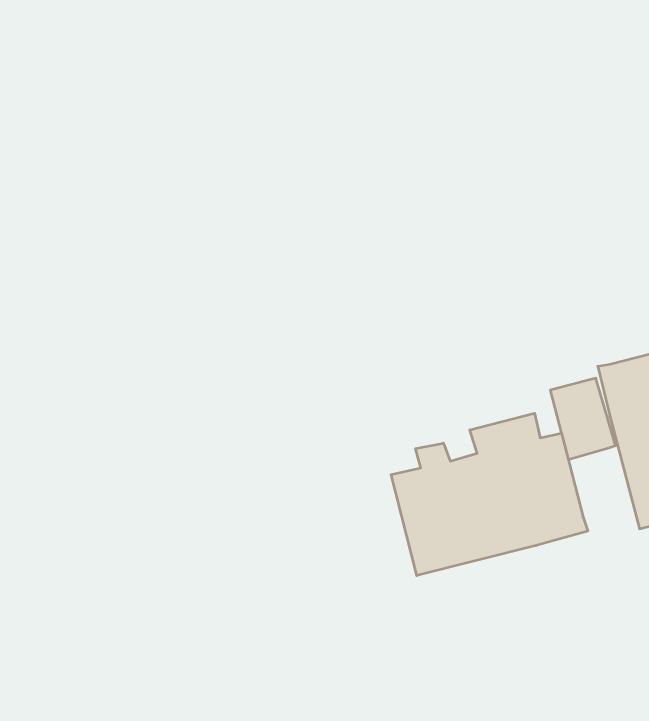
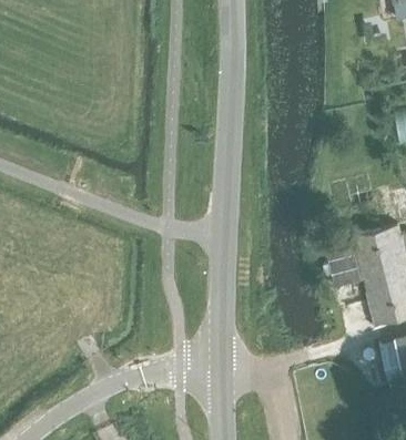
building: [391,413,588,576] -> none

